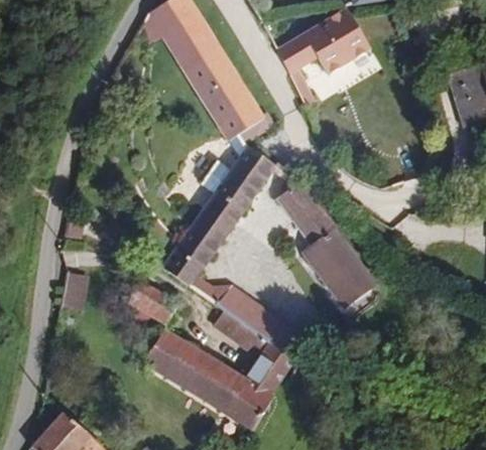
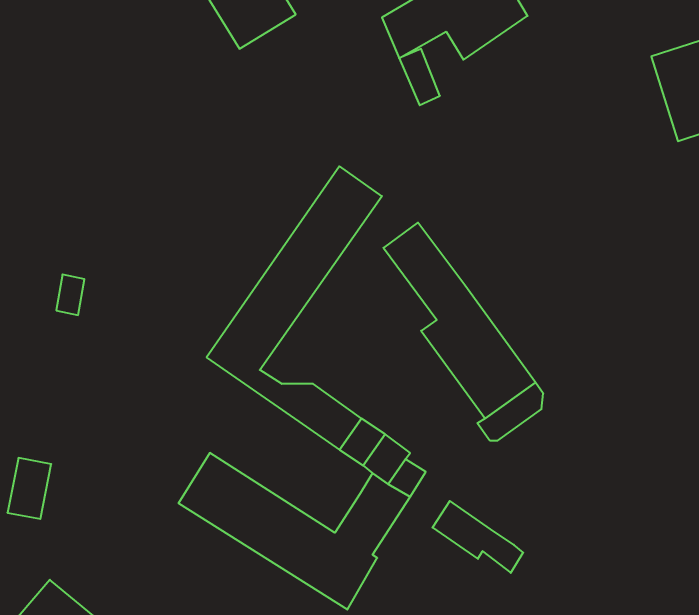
building: [185,47,264,140] -> none
building: [60,273,89,312] -> [7,458,51,519]
building: [128,280,178,325] -> none
building: [212,309,270,355] -> [432,501,523,573]

